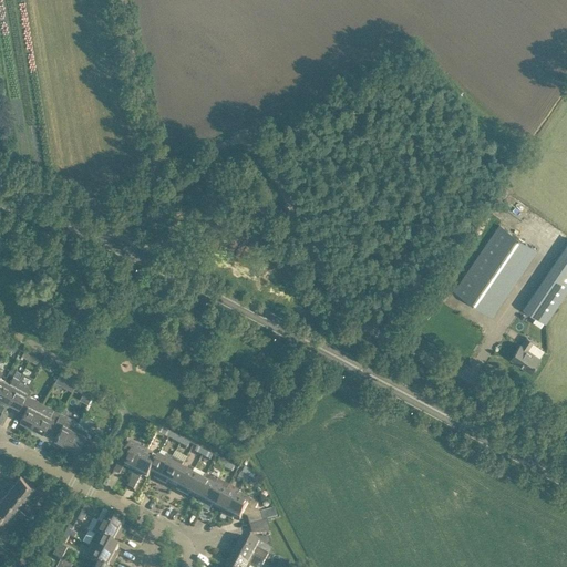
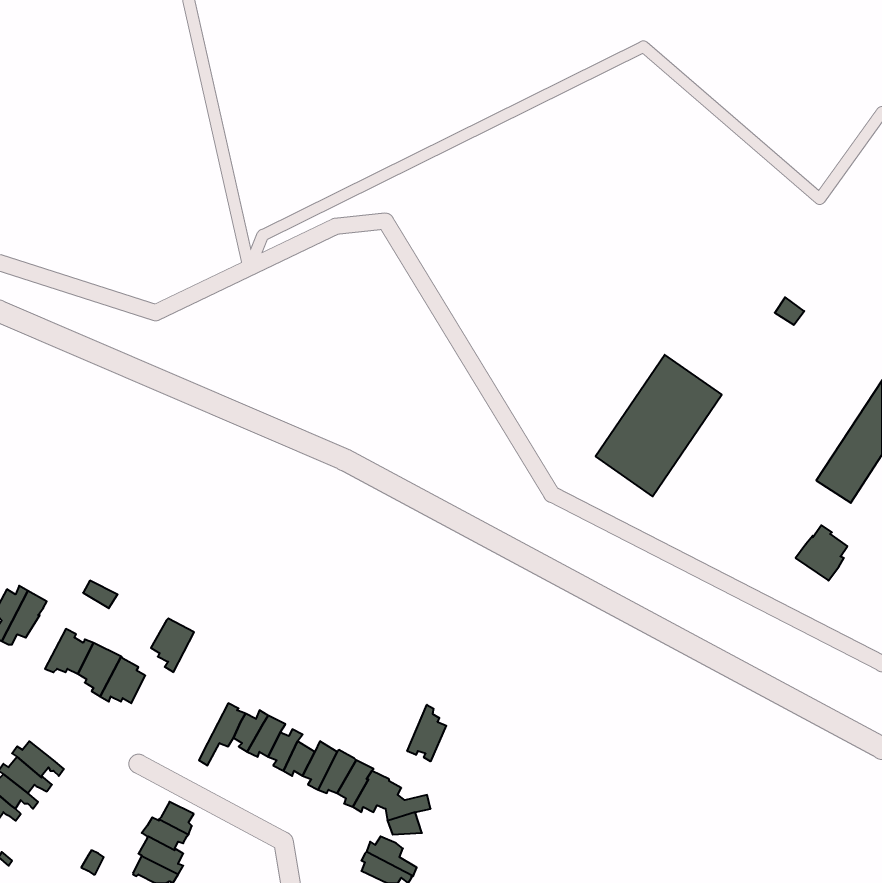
building: [454,225,535,316] -> [596,355,722,496]
building: [14,394,42,429] -> none
building: [118,442,146,476] -> [151,618,194,672]
building: none -> [407,705,446,761]

